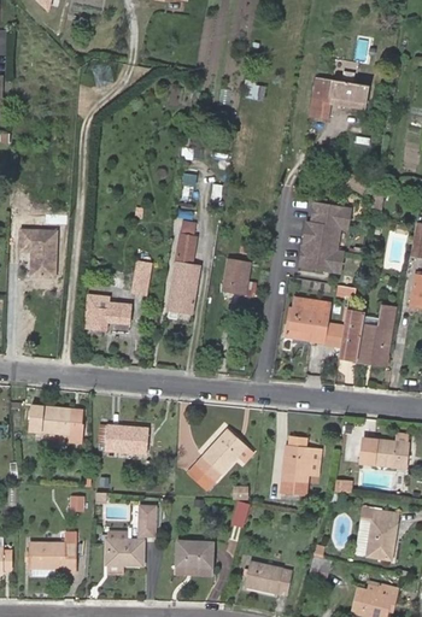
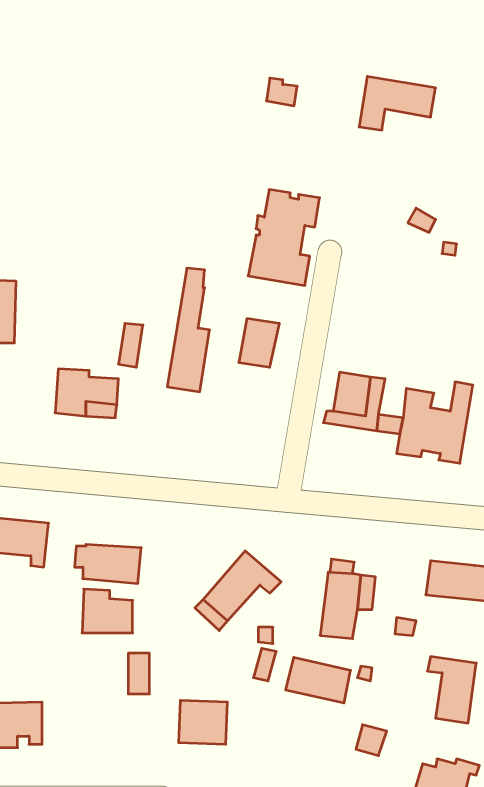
building: [298,205,351,276] -> [248,190,320,285]
building: [106,533,143,565] -> [82,589,133,633]
building: [244,562,292,595] -> [286,657,351,703]

